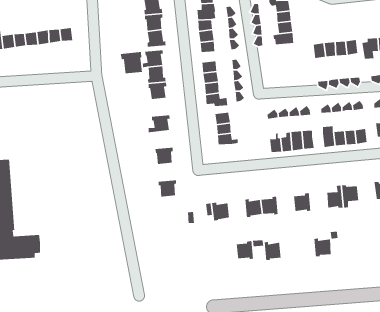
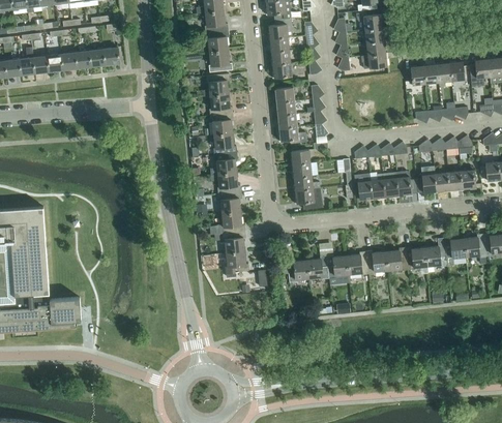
building: [120,51,143,74] -> none
building: none -> [213,133,237,155]
building: none -> [210,173,241,194]
building: none -> [295,188,323,210]
building: none -> [210,212,245,235]
building: none -> [464,234,486,258]
building: none -> [226,251,249,278]
building: [314,238,332,257] -> [406,246,427,270]
building: [236,240,254,260] -> [307,255,329,279]
building: [264,241,282,261] -> [366,250,388,274]

